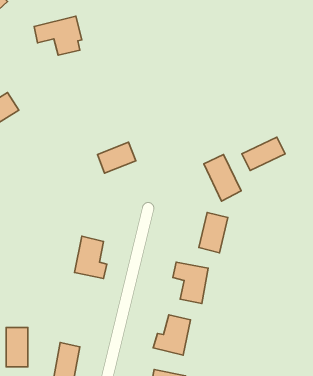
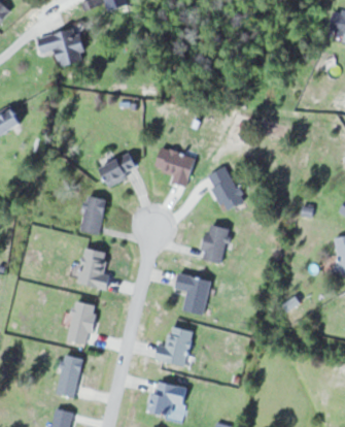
building: none -> [154,146,196,187]
building: [242,137,285,170] -> none
building: none -> [79,195,106,235]
building: [6,328,28,367] -> [71,303,93,342]

